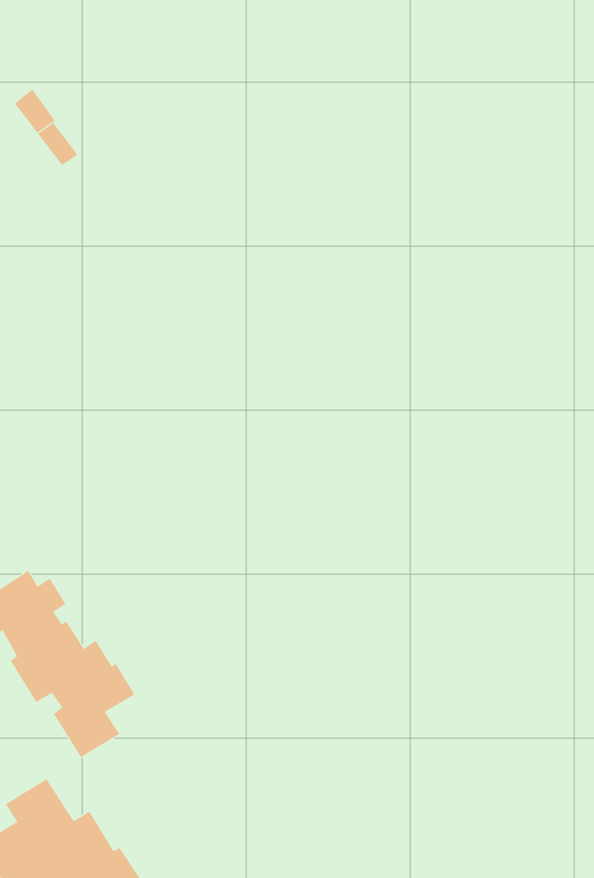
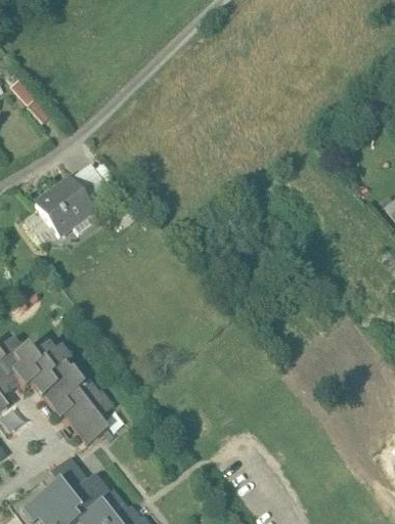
building: none -> [35,176,91,234]

